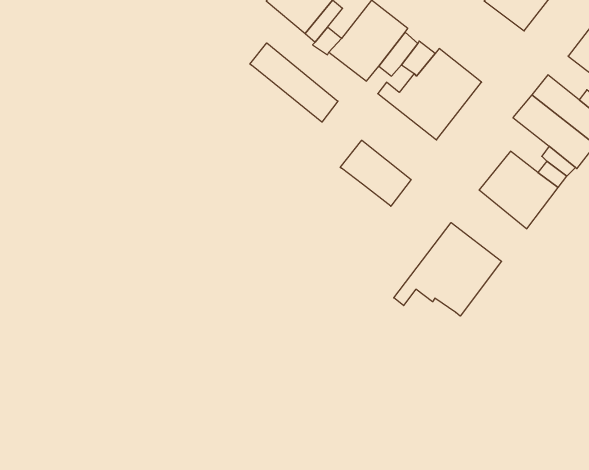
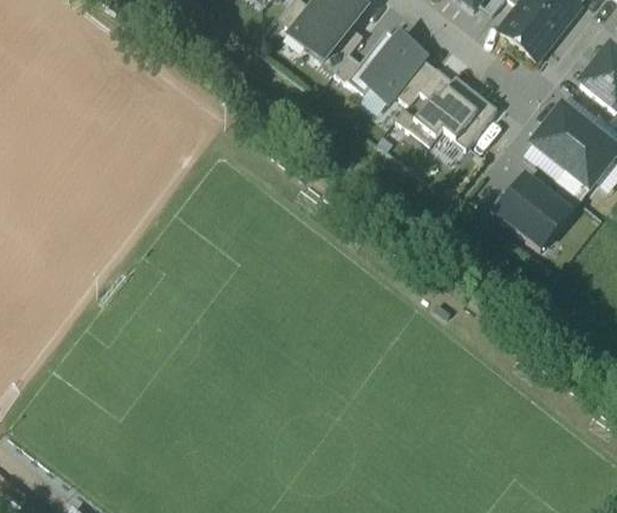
building: [250,43,338,122] -> none
building: [340,140,411,206] -> none
building: [394,223,502,316] -> none

